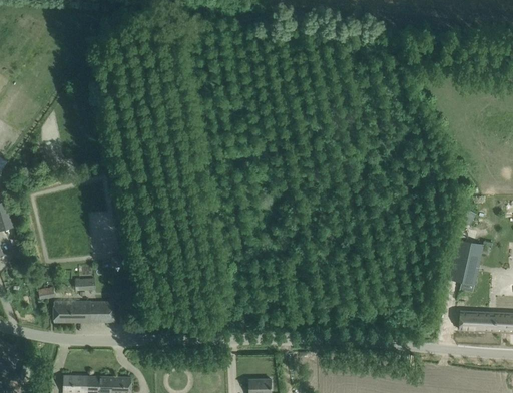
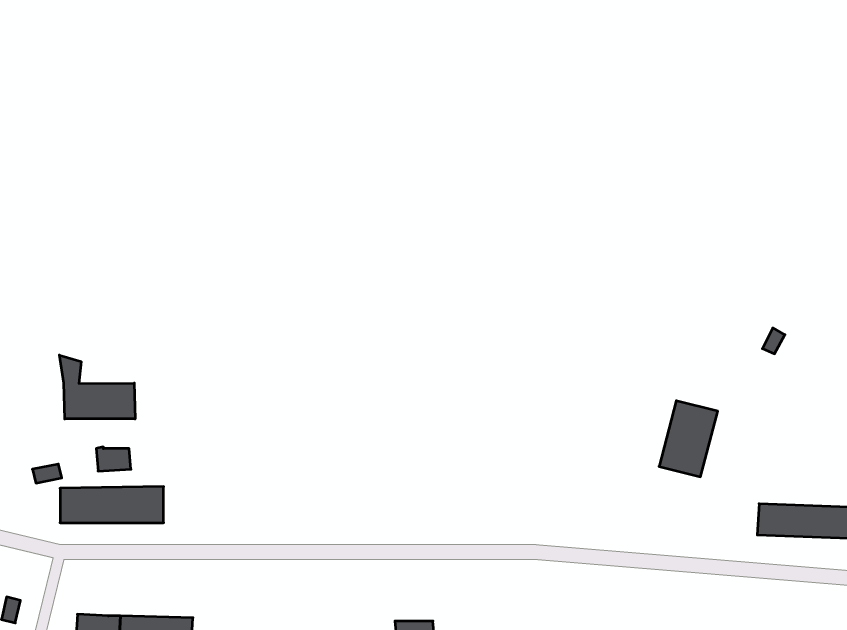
building: none -> [59,355,135,419]
building: [445,242,479,286] -> [659,401,718,477]

